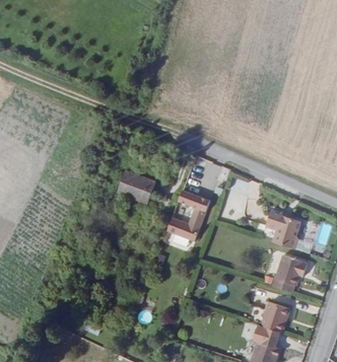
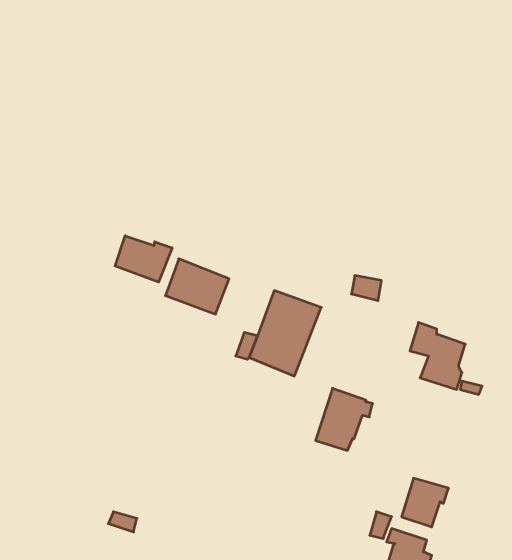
building: none -> [115,236,172,282]
building: [272,255,307,292] -> [316,388,373,450]

